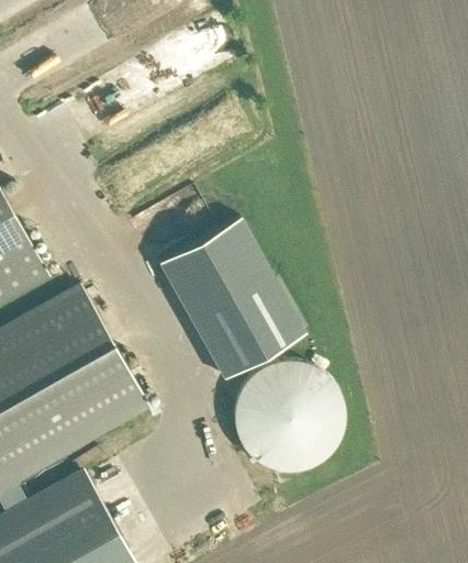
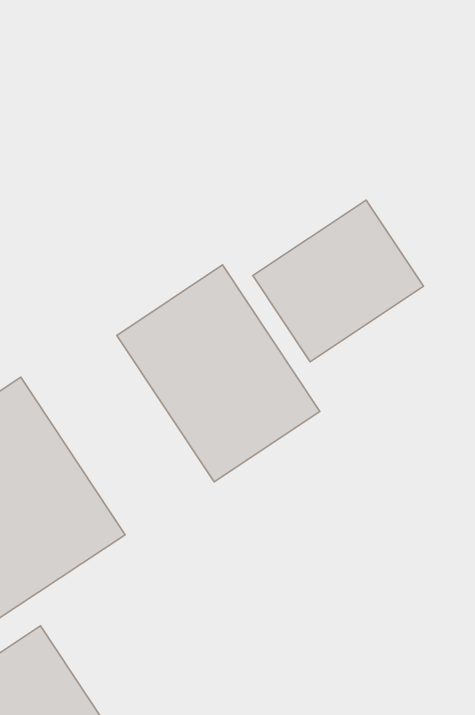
building: none -> [253,200,423,362]
building: [234,360,344,471] -> none

